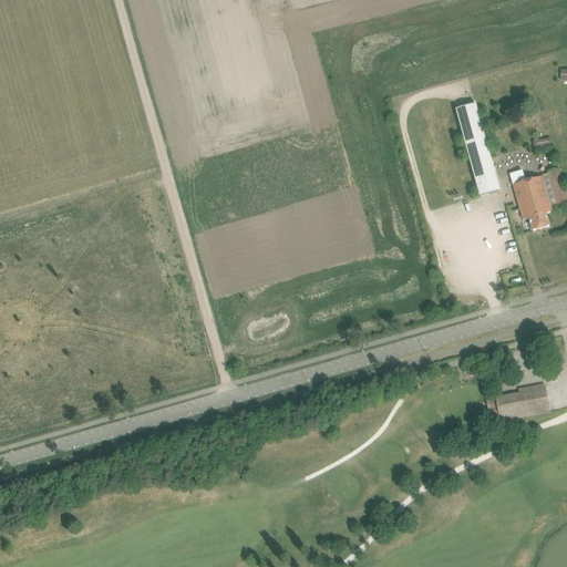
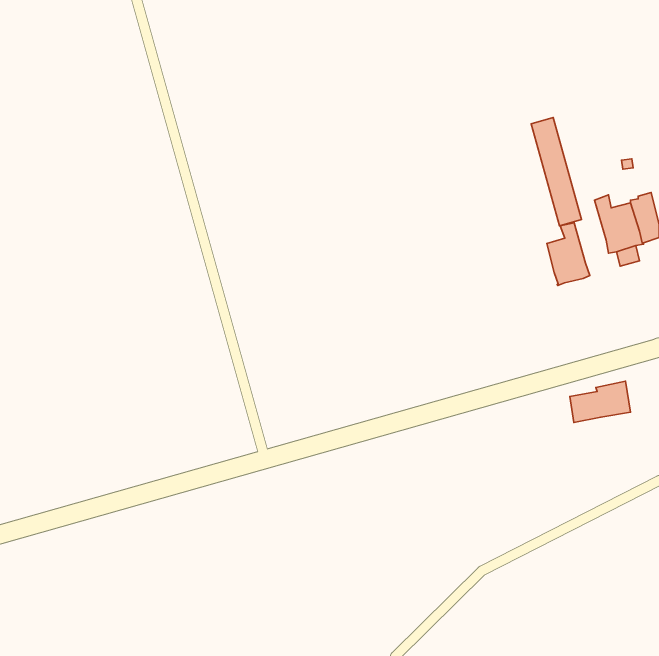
building: none -> [547,223,590,286]
building: [496,382,548,417] -> [570,381,631,422]

